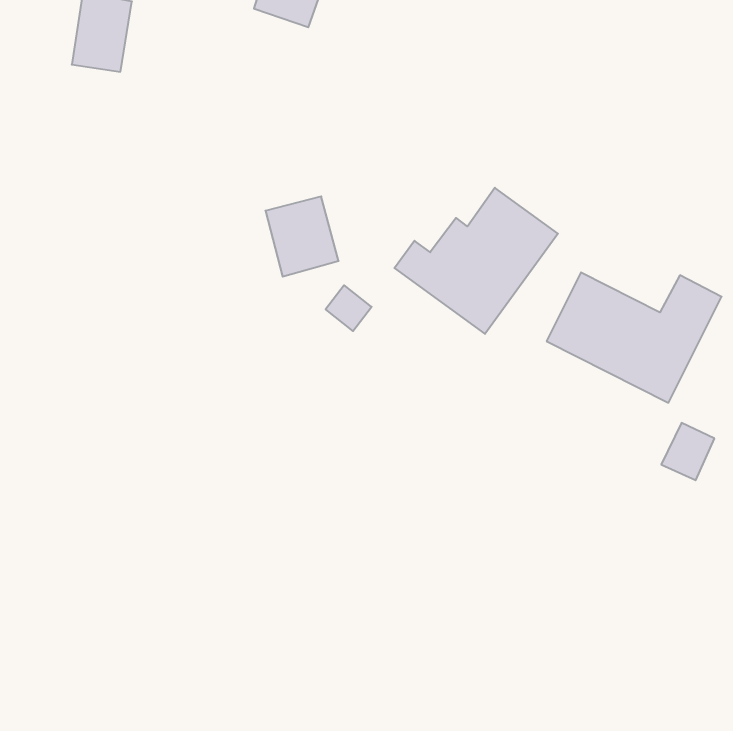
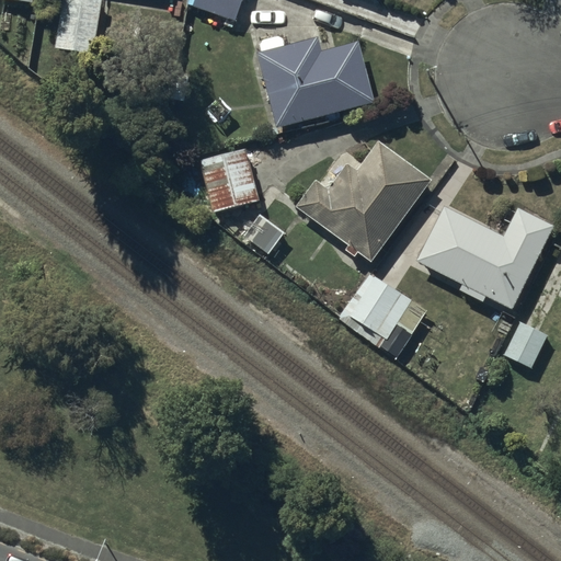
building: none -> [264,41,373,121]
building: none -> [351,280,421,348]

